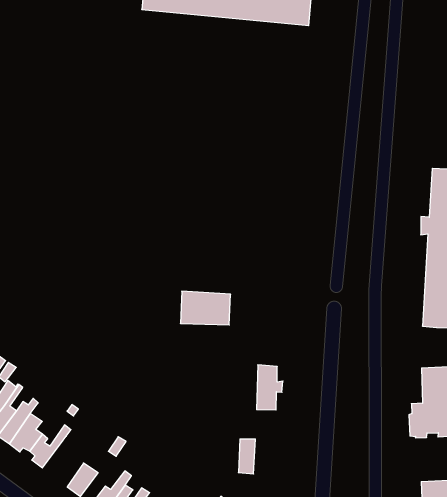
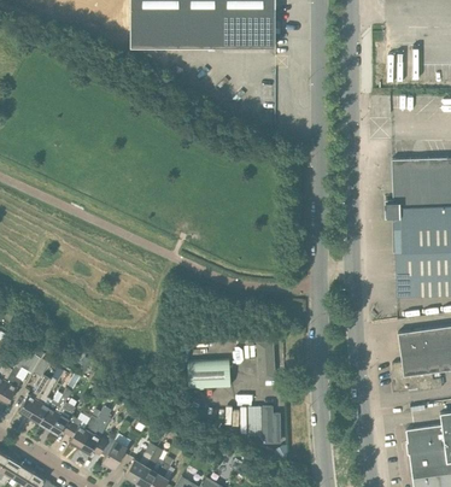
building: [180,291,231,325] -> [188,360,232,389]
building: none -> [80,423,109,457]
building: none -> [262,407,281,446]

